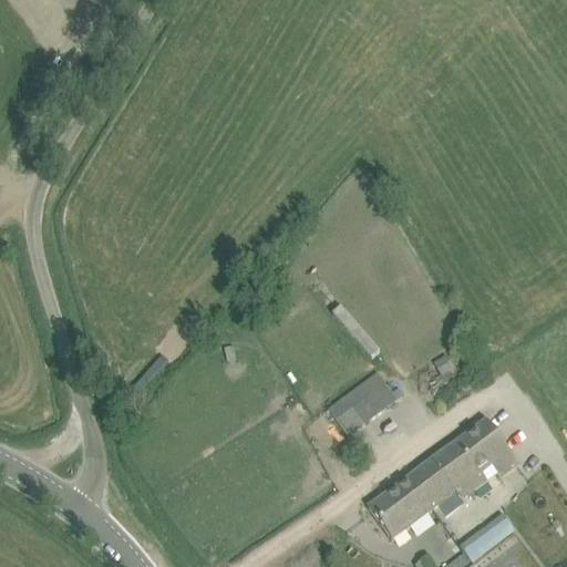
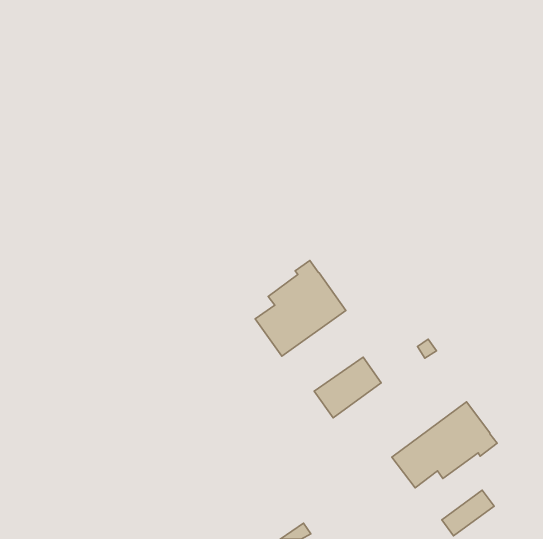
building: none -> [255,260,346,356]
building: [367,476,432,539] -> none

